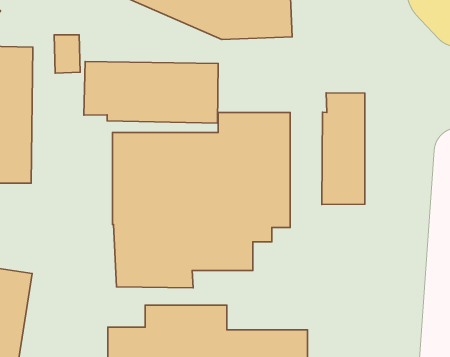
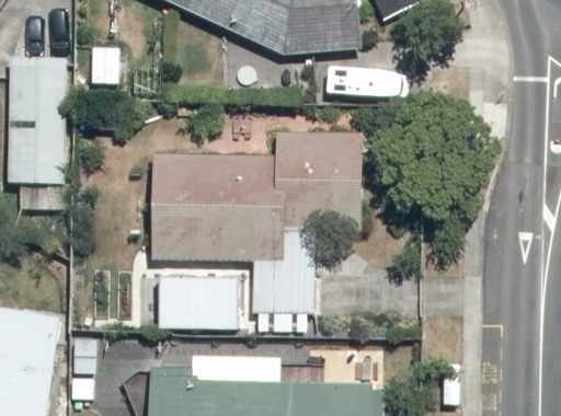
building: [84,62,218,123] -> none
building: [322,93,365,204] -> none

